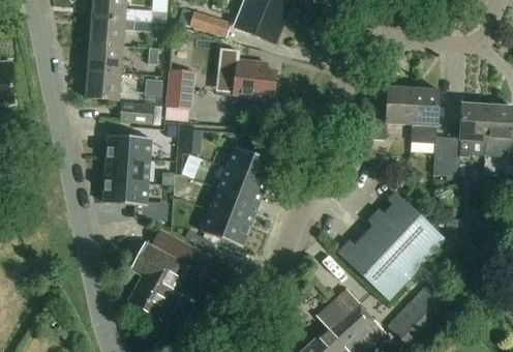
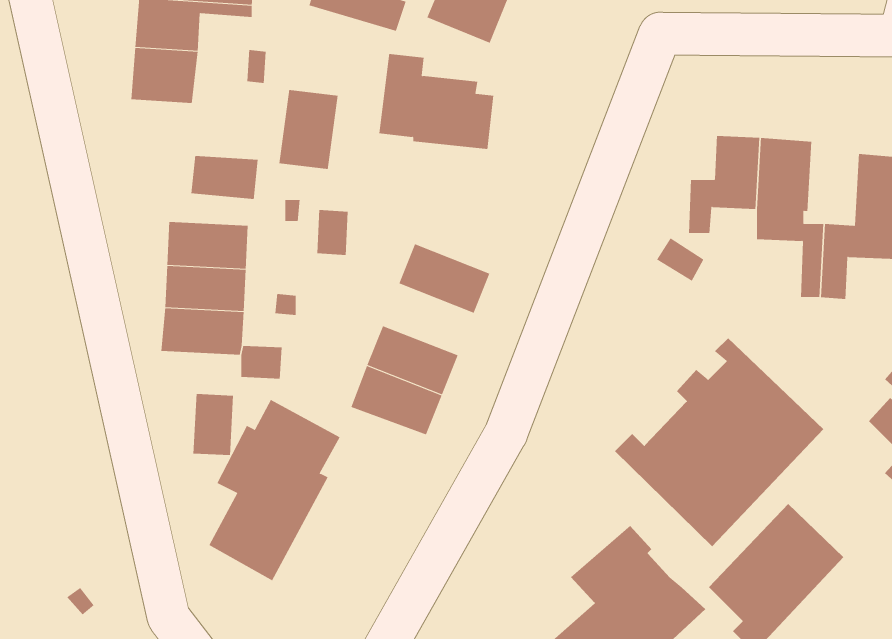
building: [85,70,119,97] -> none
building: [217,166,265,203] -> none
building: none -> [193,393,234,456]

